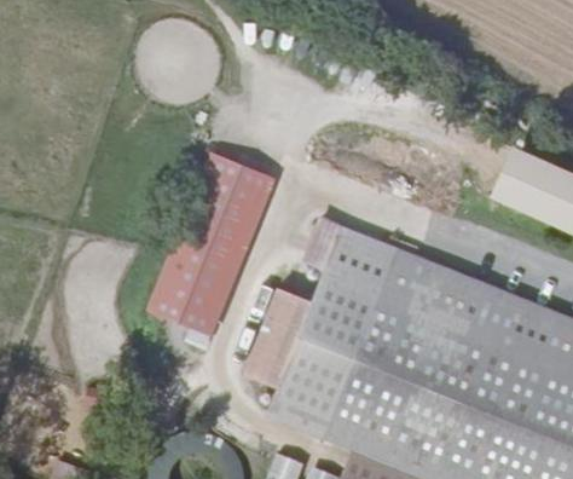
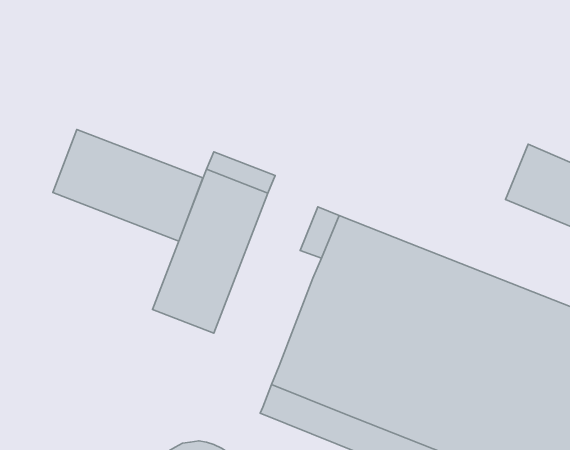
building: none -> [53,129,203,241]
building: [243,269,309,367] -> none

